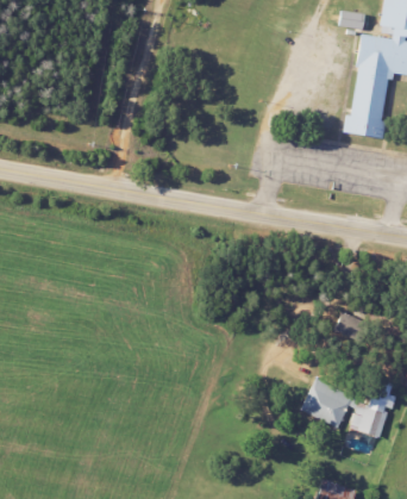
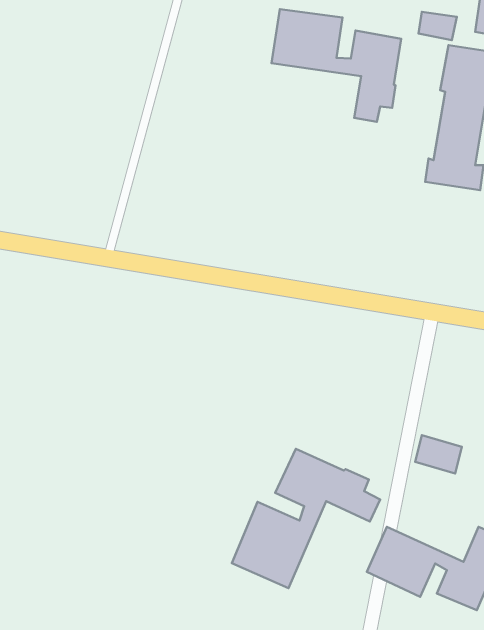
building: none -> [272,9,401,122]
building: none -> [232,449,380,588]

